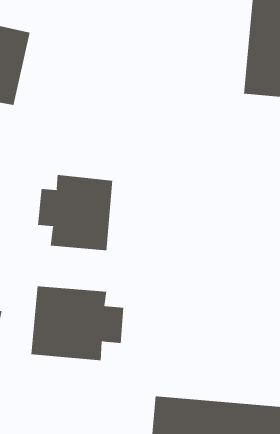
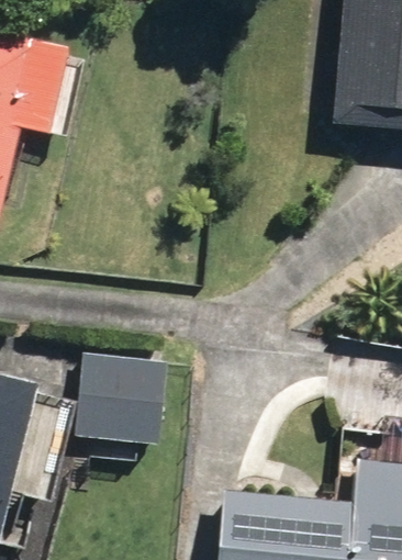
building: [37,174,113,251] -> none

